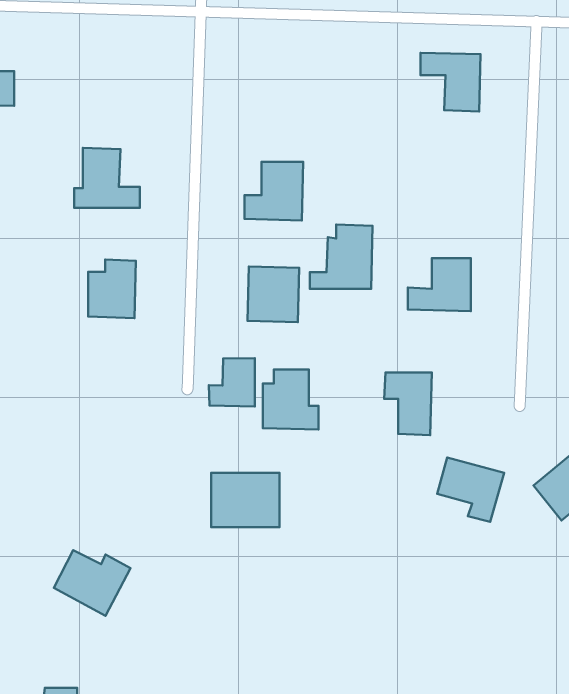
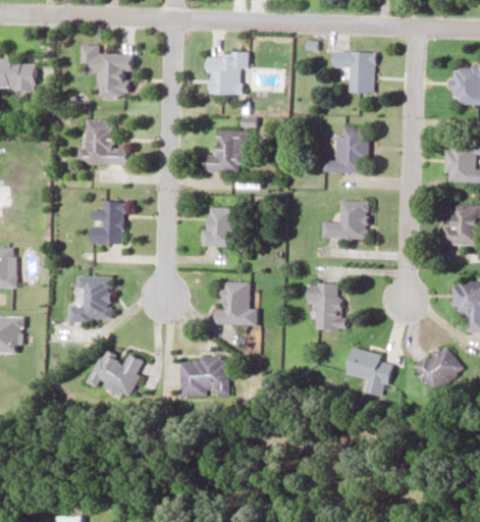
building: none -> [82,45,131,97]
building: none -> [205,51,249,95]
building: [310,225,373,289] -> [323,126,369,173]
building: [209,358,255,406] -> none
building: none -> [71,276,110,320]
building: [54,550,131,616] -> [89,350,145,398]

